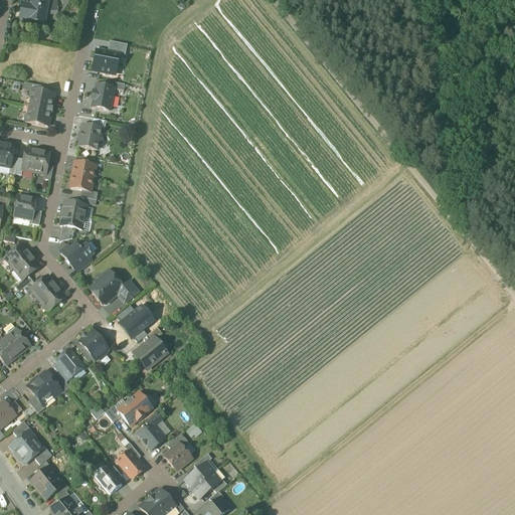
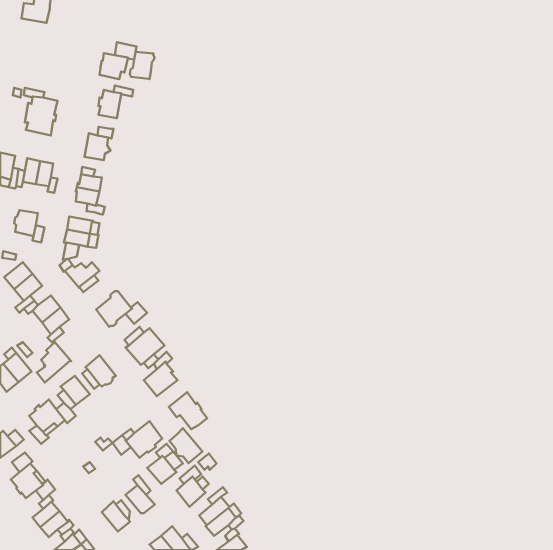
building: none -> [130,52,154,79]
building: none -> [37,342,71,383]
building: none -> [169,392,207,429]
building: none -> [169,428,203,463]

